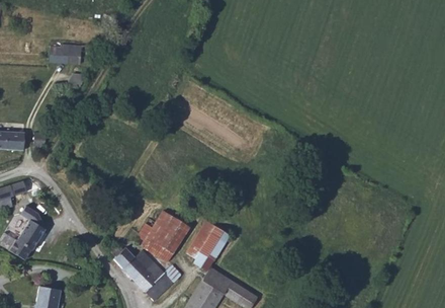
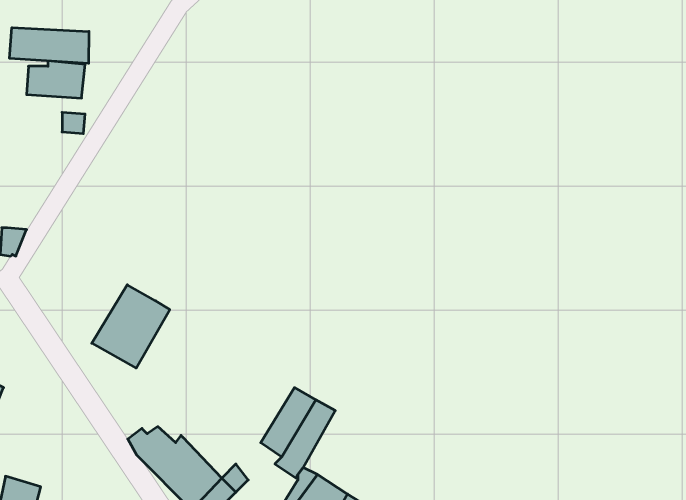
building: none -> [10,28,89,63]
building: [143,213,187,260] -> [92,285,170,368]

